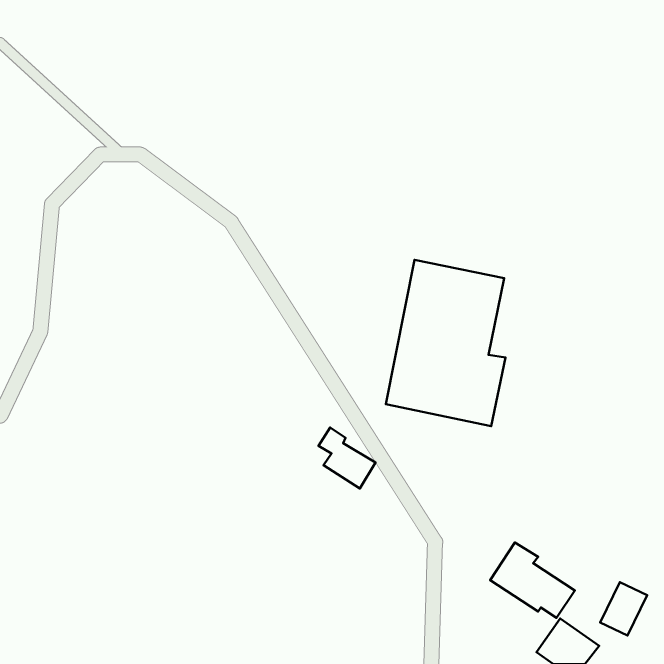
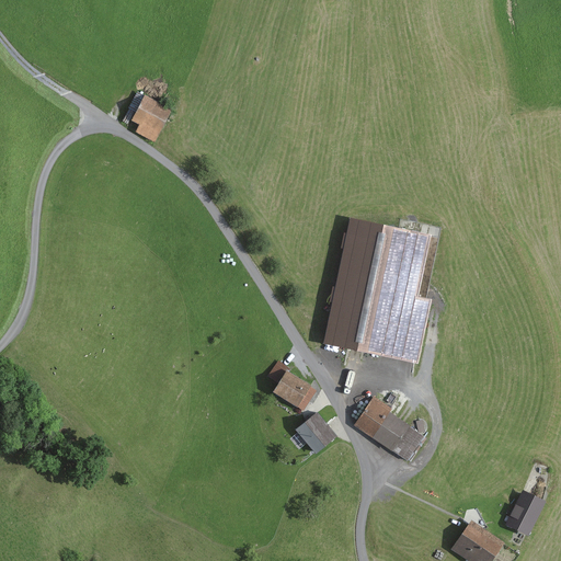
building: none -> [131,96,172,141]
building: none -> [295,414,335,456]
building: [490,543,575,618] -> [354,394,425,458]

